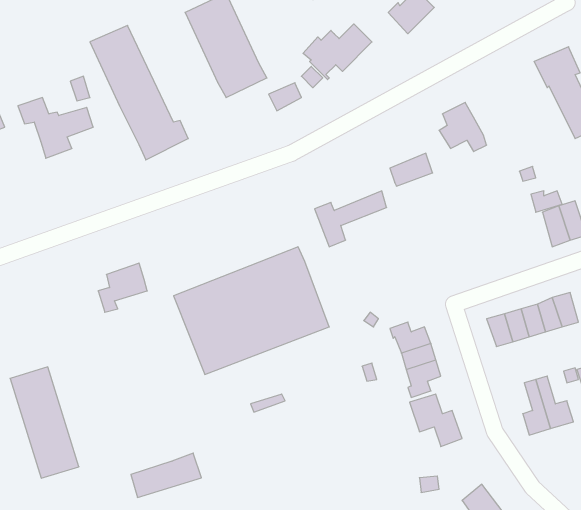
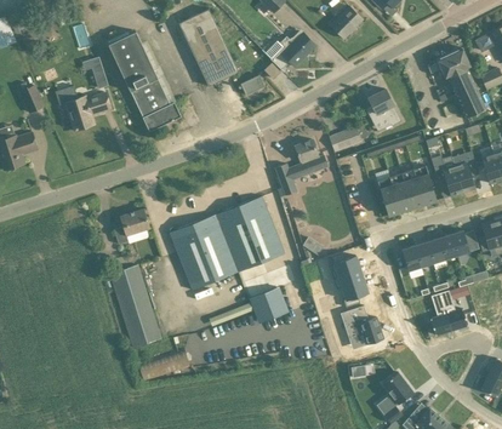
building: none -> [377,166,437,216]
building: [10,367,79,478] -> [110,265,161,348]
building: none -> [251,287,287,322]

